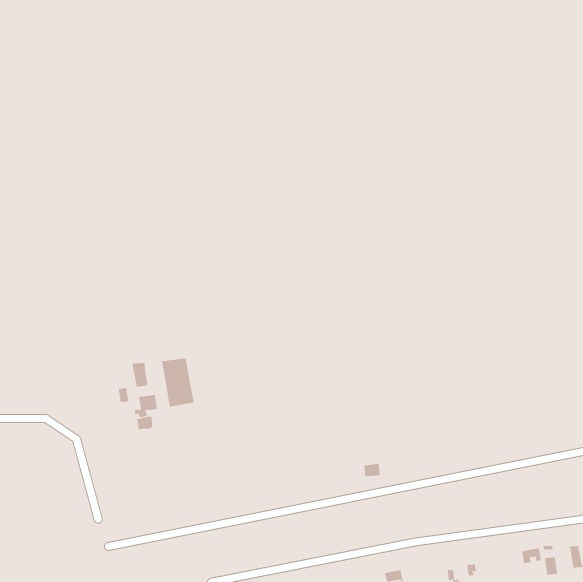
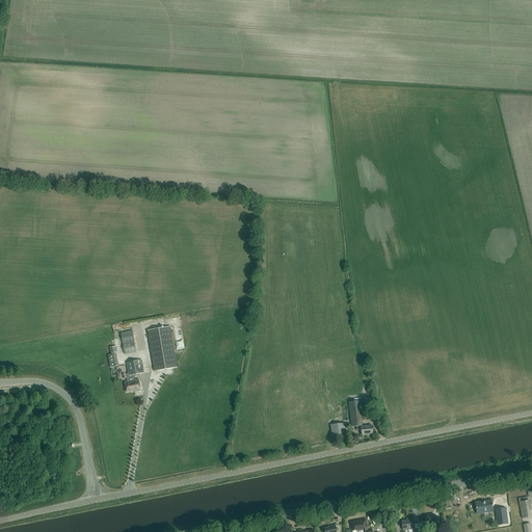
building: none -> [348,399,371,433]

